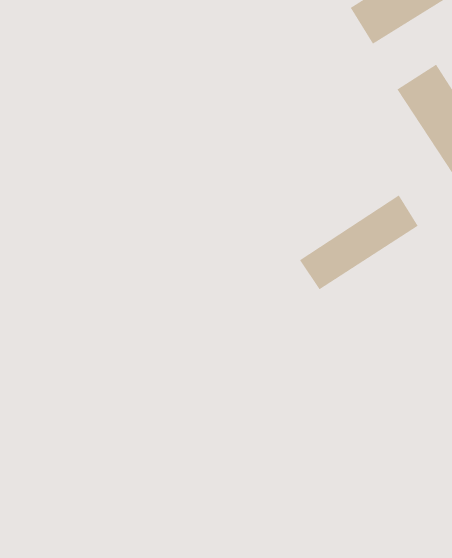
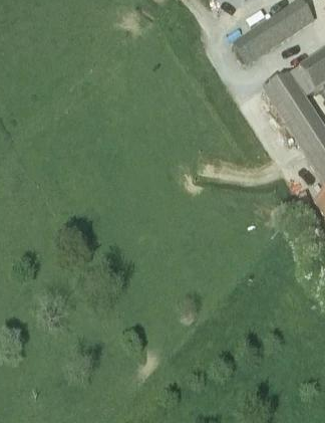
building: [299,194,419,290] -> none

